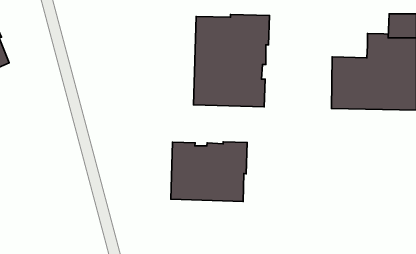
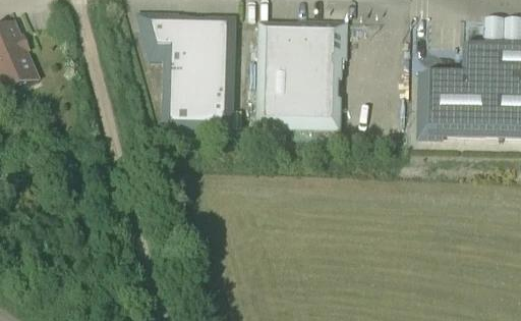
building: none -> [136,19,232,130]
building: [171,142,247,201] -> none

